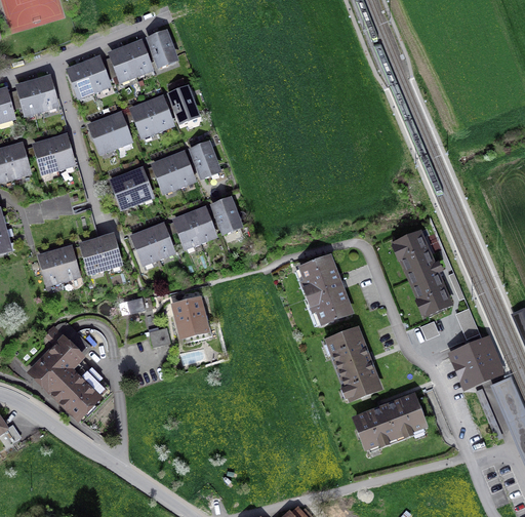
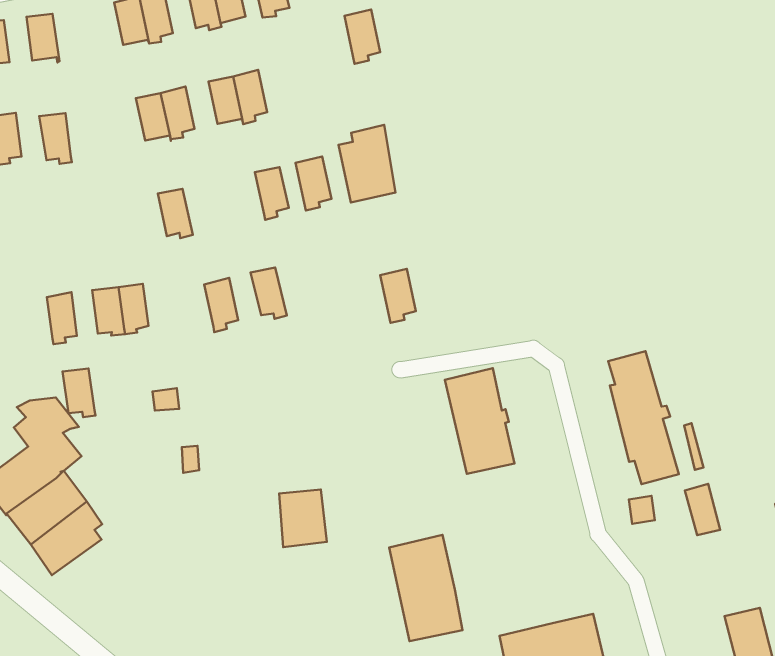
building: [33,78,54,110] -> none
building: [170,88,195,122] -> [345,10,380,64]
building: none -> [338,125,396,203]
building: [49,136,72,169] -> none
building: [154,159,177,189] -> none
building: [126,169,150,202] -> none
building: [213,199,238,233] -> [380,269,416,323]
building: [189,209,213,242] -> none
building: [132,231,157,261] -> none
building: [39,252,63,282] -> [63,368,95,417]
building: [173,297,206,335] -> [279,490,327,547]
building: [327,329,378,396] -> [389,535,463,641]
building: [451,339,499,385] -> none

